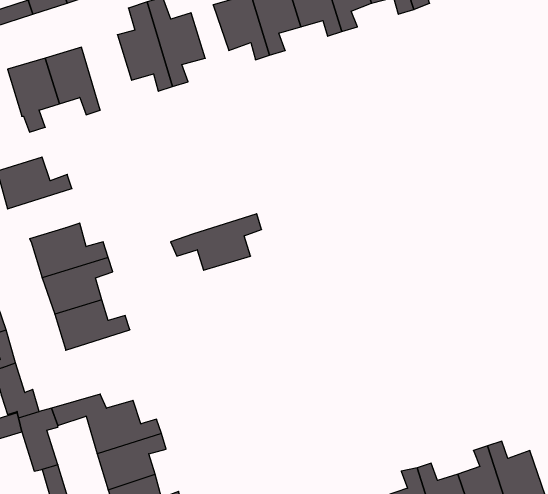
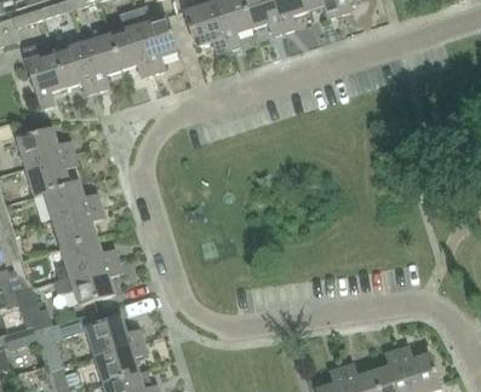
building: none -> [82,34,121,92]
building: none -> [25,152,79,197]
building: [171,214,262,270] -> [53,261,124,305]

